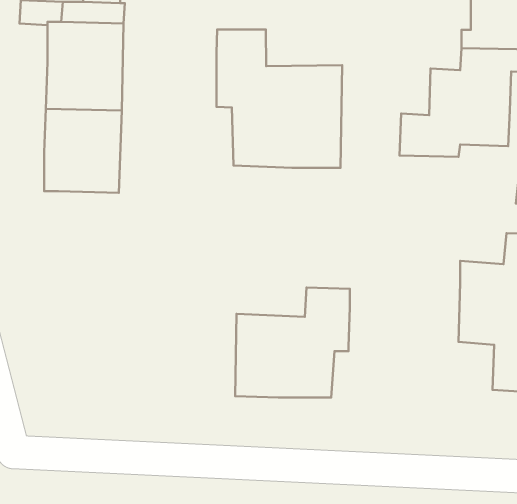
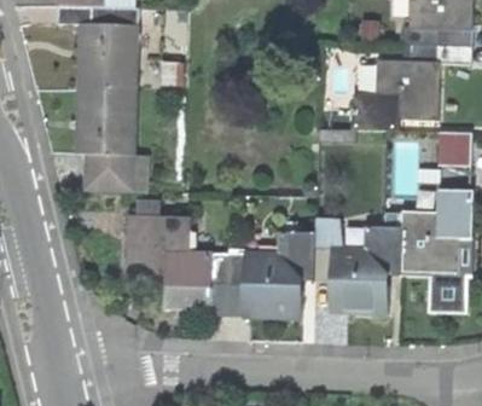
building: [216,29,342,168] -> none
building: none -> [87,155,134,192]
building: none -> [124,214,226,314]
building: none -> [313,225,400,311]

